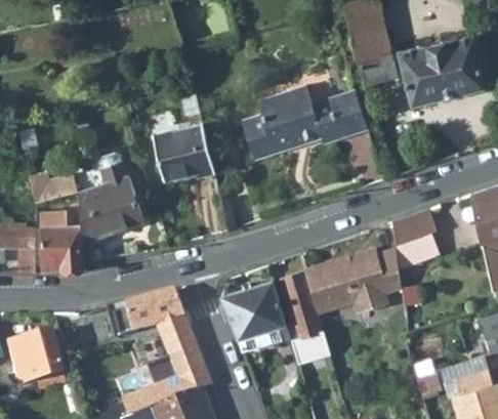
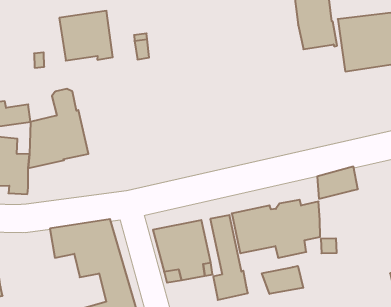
building: [242,86,368,160] -> none
building: [153,124,214,181] -> [59,11,113,61]
building: [397,234,440,268] -> none
building: none -> [262,266,303,294]

